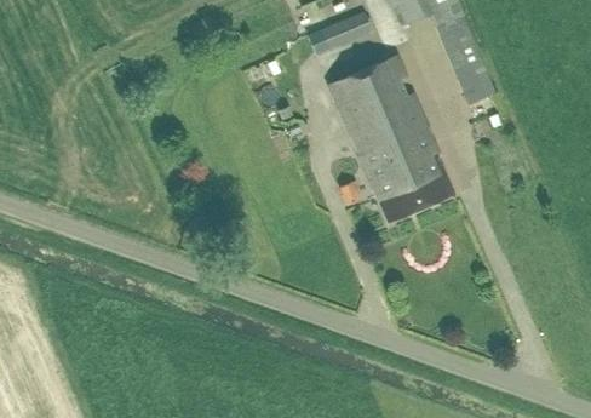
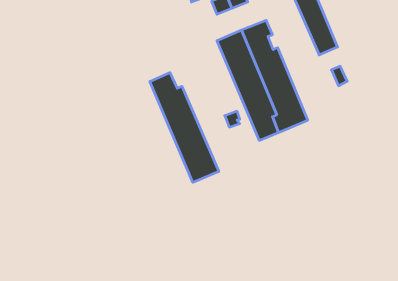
building: none -> [150,73,219,182]

